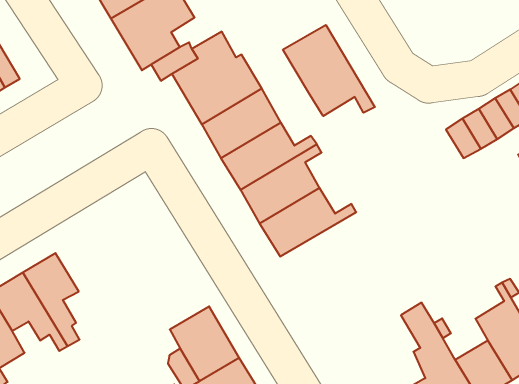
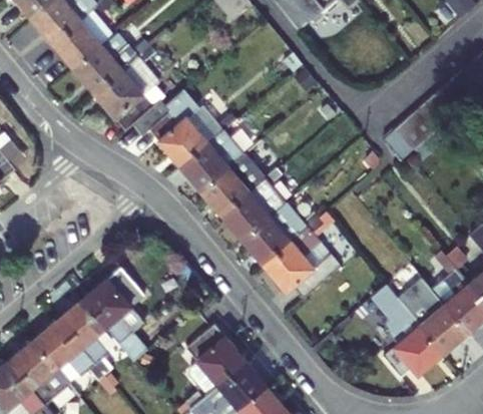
building: [283,25,375,116] -> none
building: none -> [264,220,341,300]
building: none -> [80,259,143,347]

